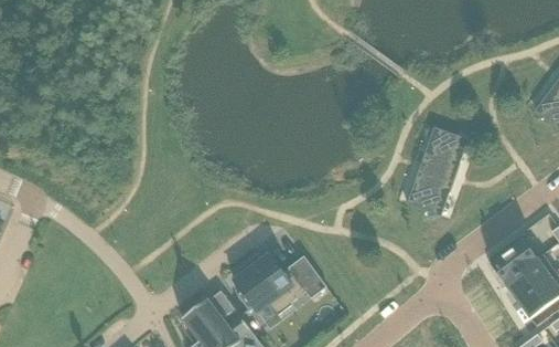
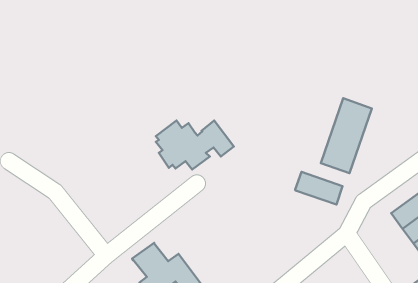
building: none -> [295,172,342,204]
building: [235,254,327,313] -> [156,121,234,170]

